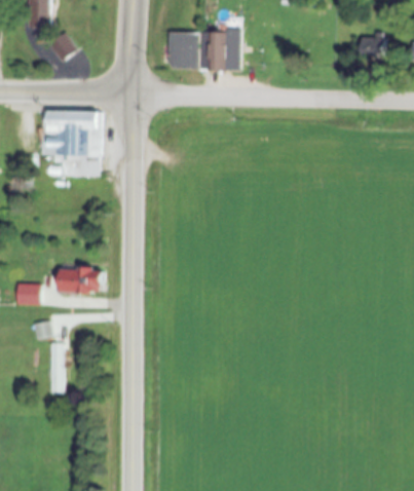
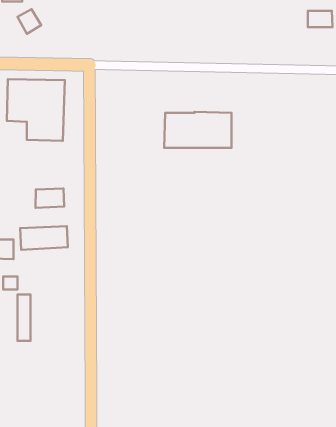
building: [165,30,238,69] -> [164,112,232,148]
building: none -> [35,188,64,208]

